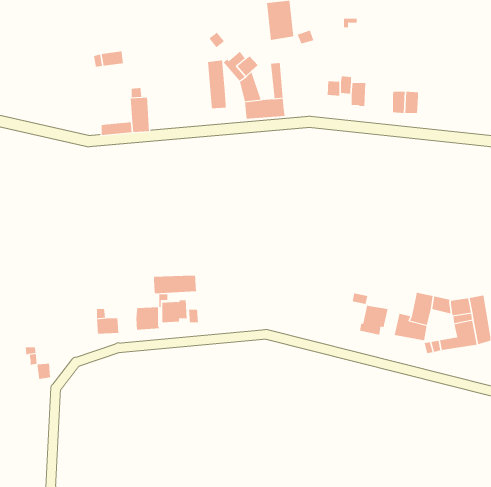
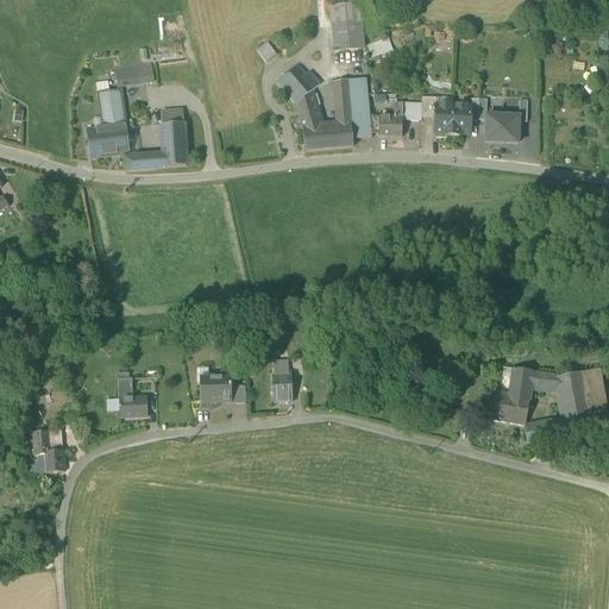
building: [207,60,227,109] -> [347,75,371,136]
building: none -> [87,87,128,156]
building: none -> [378,100,403,134]
building: none -> [452,102,471,133]
building: [154,275,196,294] -> none
building: none -> [272,366,293,400]
building: [359,305,388,336] -> none
building: [136,306,160,331] -> none

